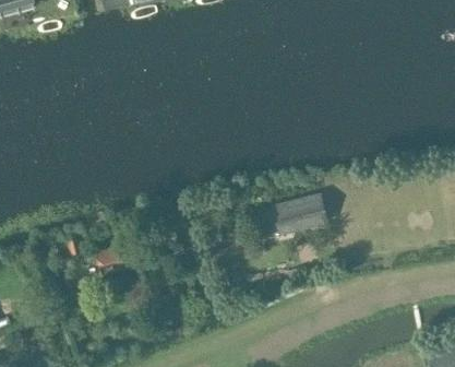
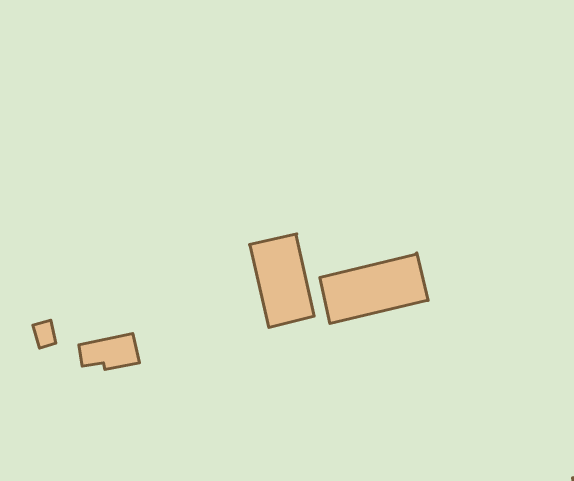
building: none -> [249,234,314,327]

